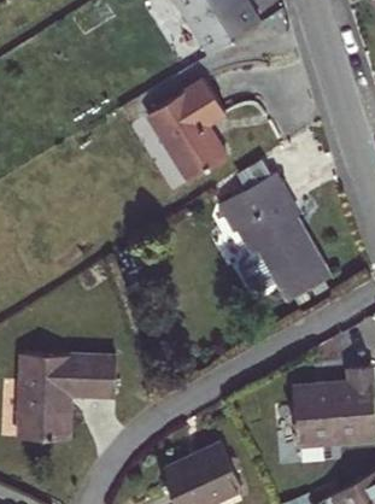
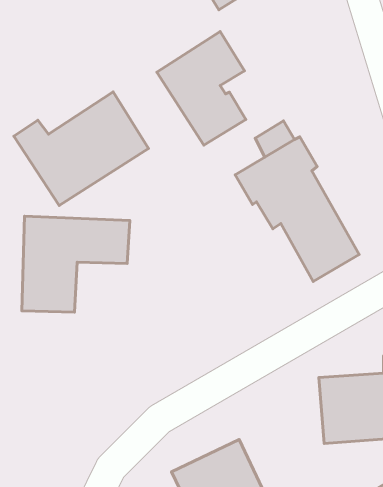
building: none -> [14,92,148,205]
building: [22,352,118,438] -> [22,216,130,312]

